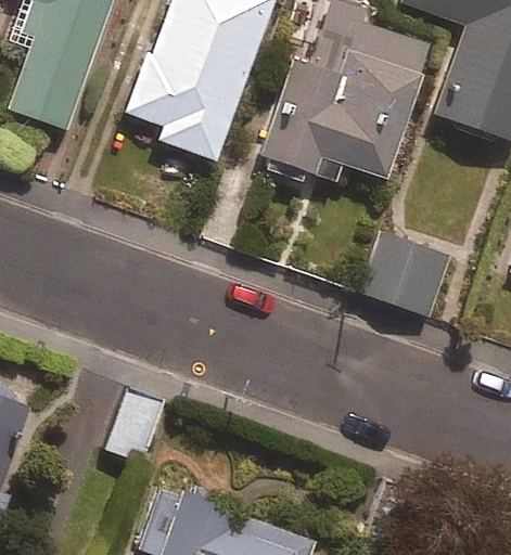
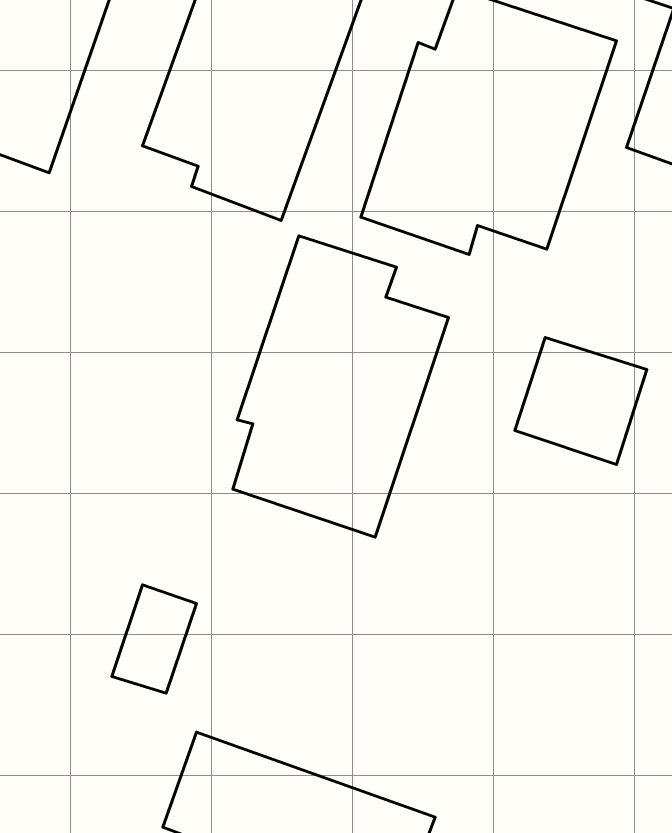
building: none -> [233,236,448,537]

